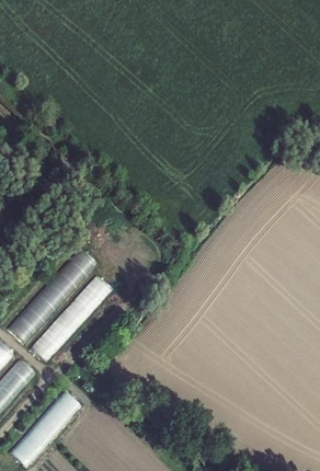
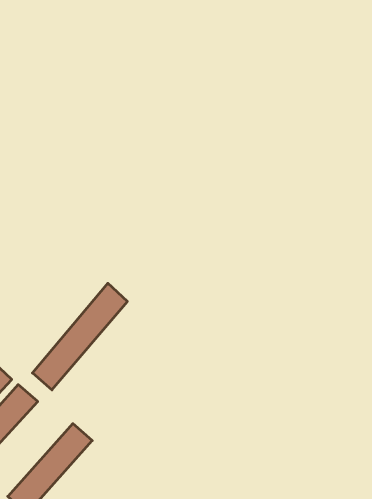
building: [9,249,95,343] -> none

